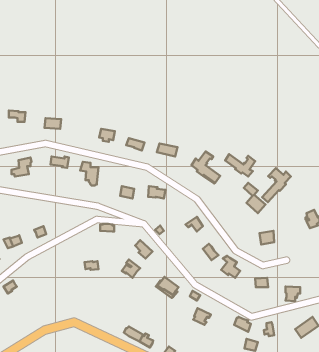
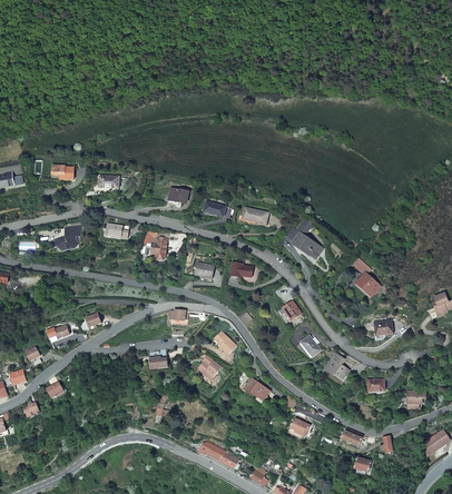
building: [225,154,255,177] -> none
building: [262,168,291,202] -> none

